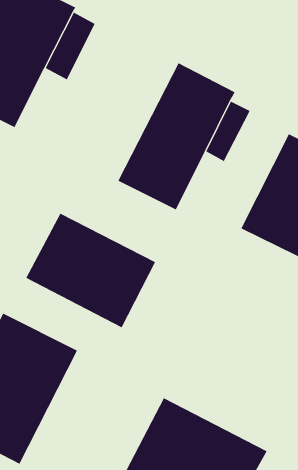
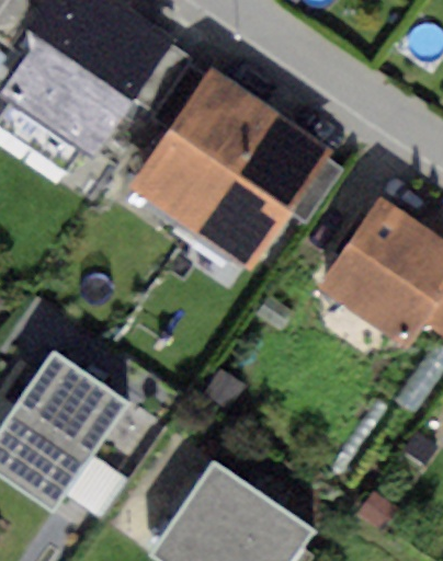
building: none -> [130,68,270,226]
building: [26,213,156,328] -> none

